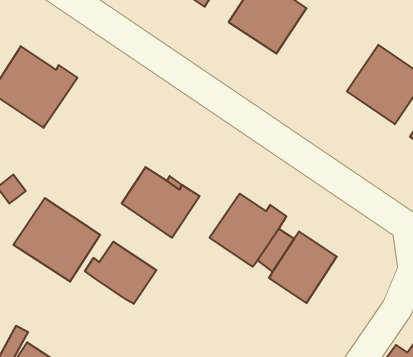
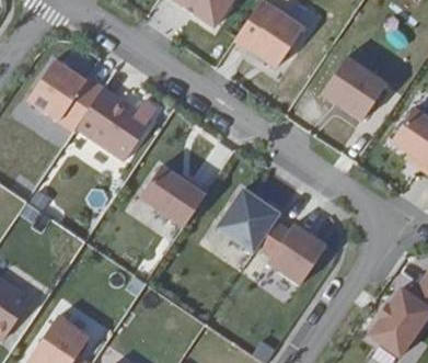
building: [13,198,100,282] -> [71,87,147,159]
building: [85,242,156,304] -> none

